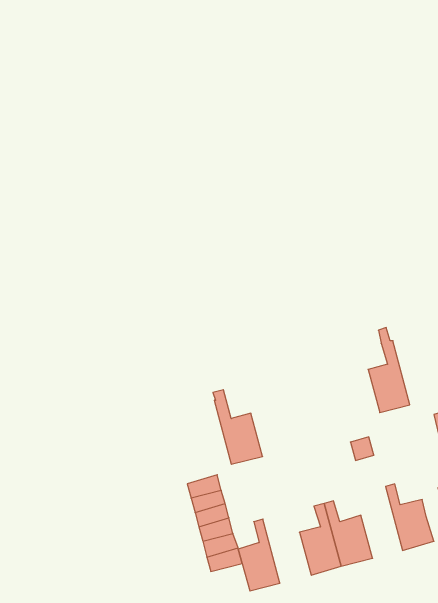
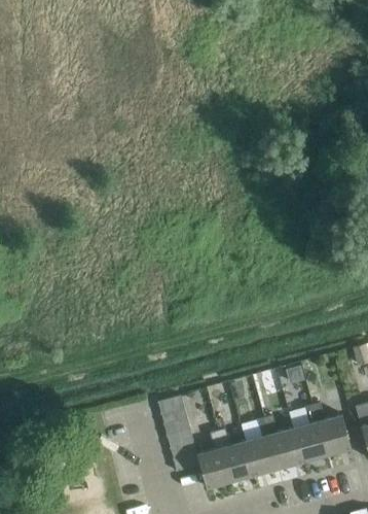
building: [368,328,410,413] -> [295,395,328,461]
building: [213,390,263,464] -> [217,422,256,481]

